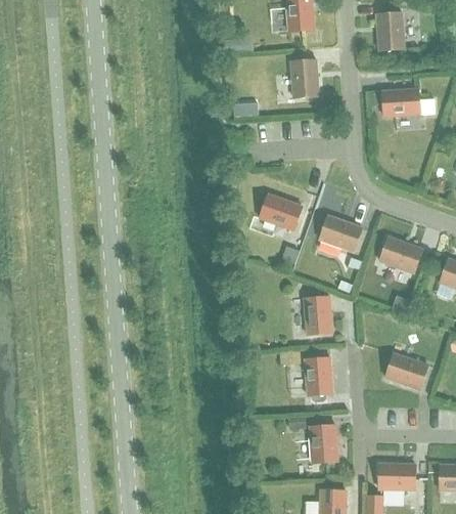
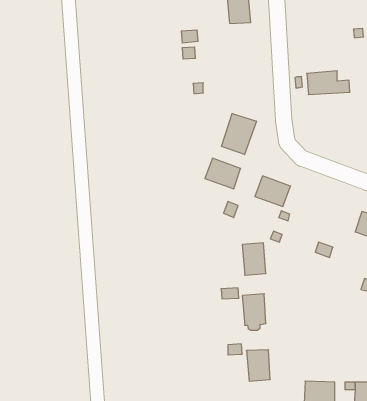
building: [376,12,404,50] -> none
building: [290,59,318,97] -> none
building: none -> [221,113,256,155]
building: [379,237,422,273] -> none
building: [385,353,427,389] -> none

